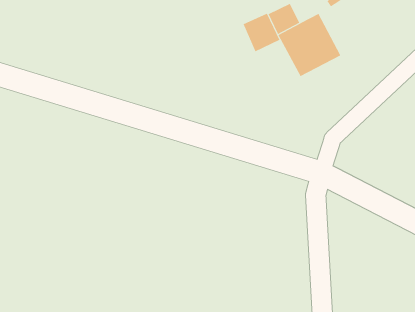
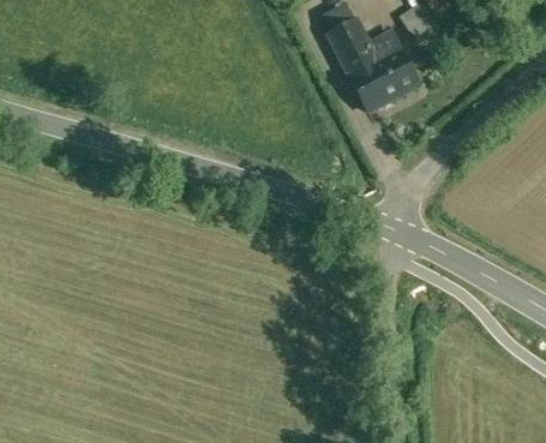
building: [243,13,280,52] -> none

